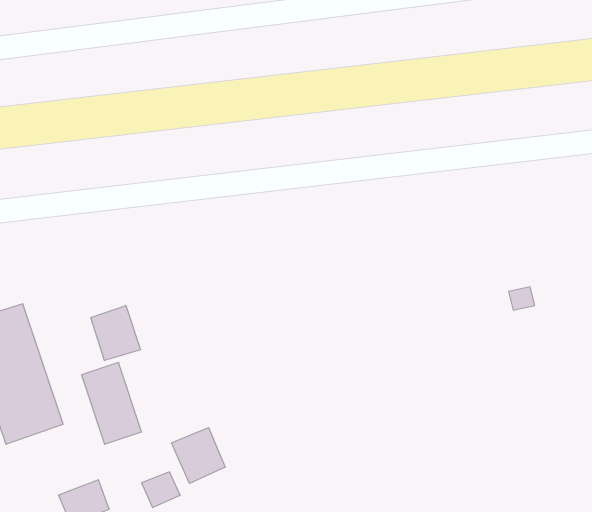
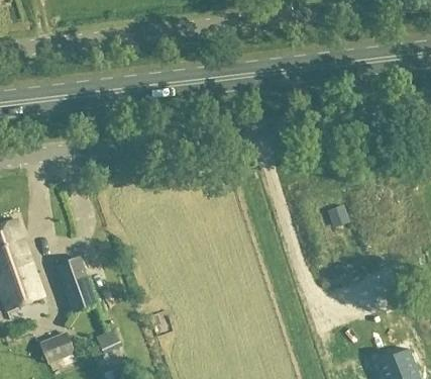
building: [91,305,141,361] -> none
building: [172,428,225,483] -> none

